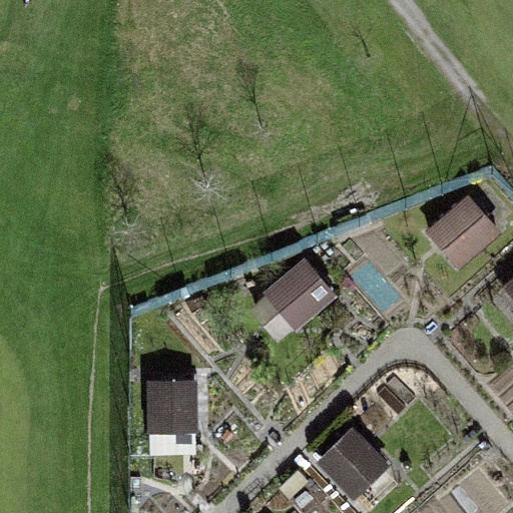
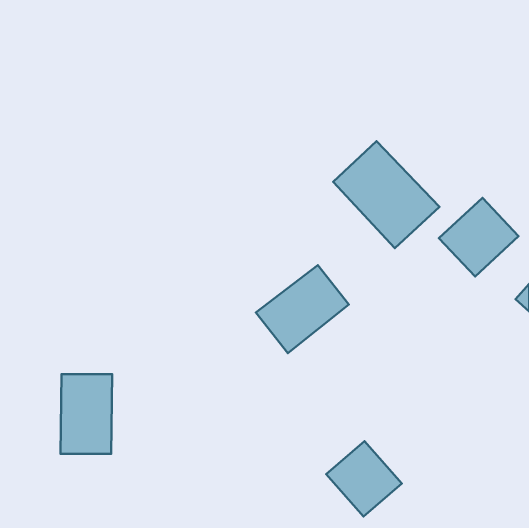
building: none -> [333,141,439,248]
building: [147,378,197,455] -> [61,374,112,454]

